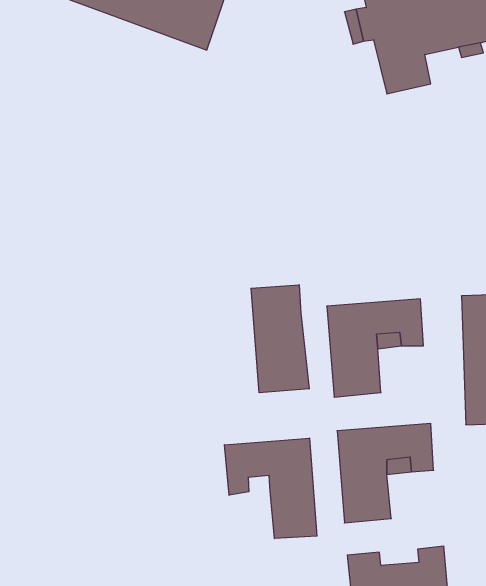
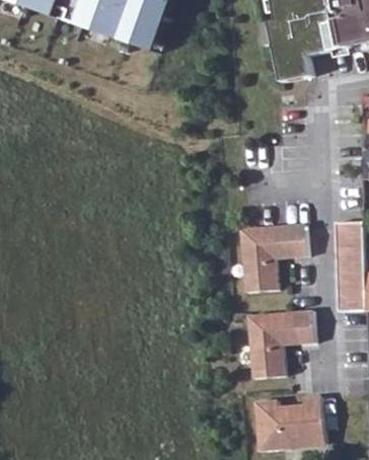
building: [251,285,309,393] -> none
building: [224,438,317,539] -> none

